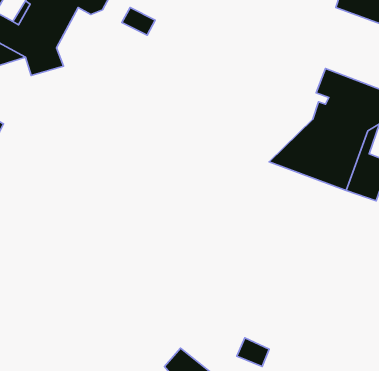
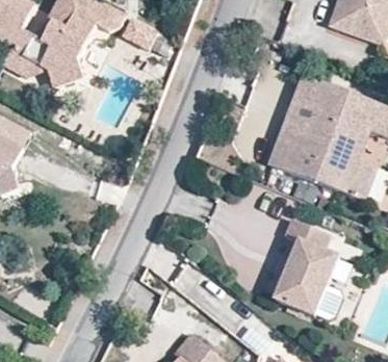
building: none -> [268,74,322,164]
building: none -> [273,217,339,317]

